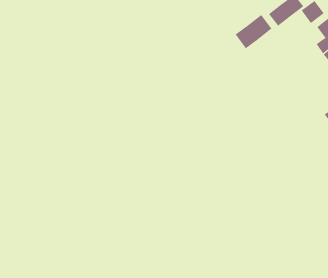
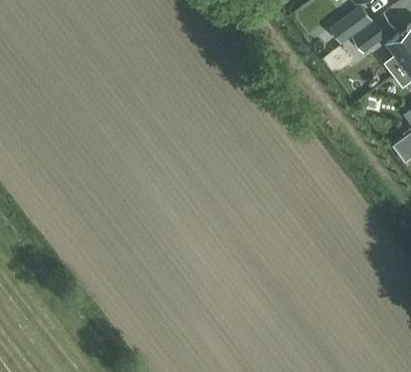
building: [235,14,272,49] -> none

